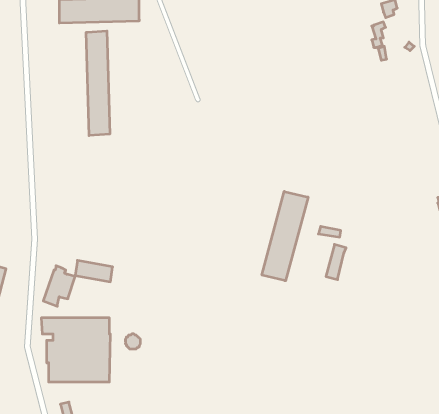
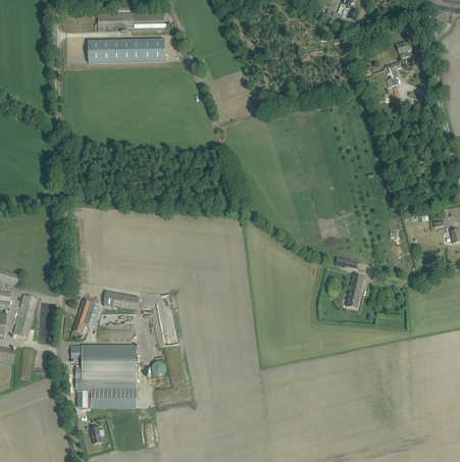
building: [86,31,110,136] -> none
building: [262,191,308,281] -> none

